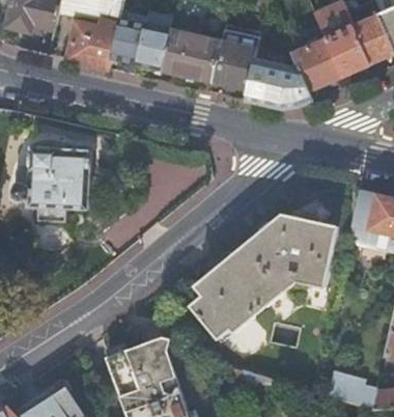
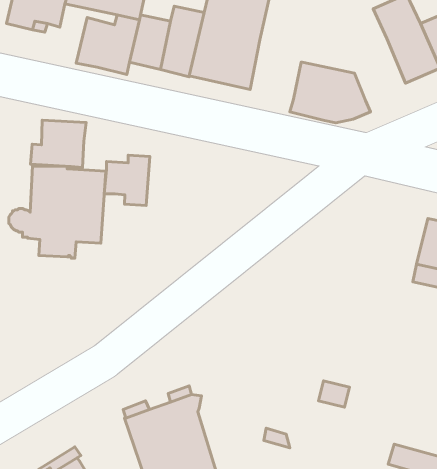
building: [291,38,341,90] -> none
building: [212,39,257,89] -> none
building: none -> [31,120,86,168]
building: none -> [104,155,150,206]
building: [190,213,336,337] -> none

